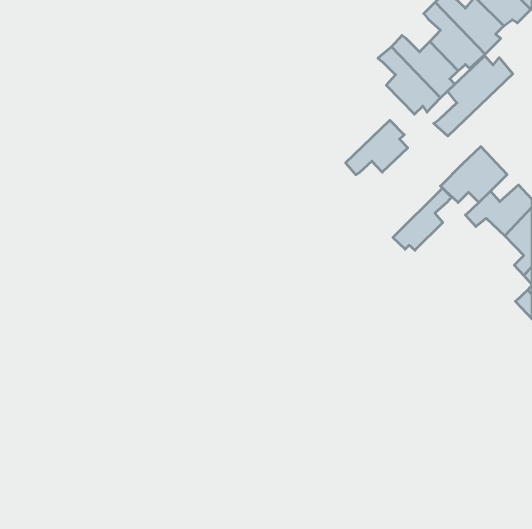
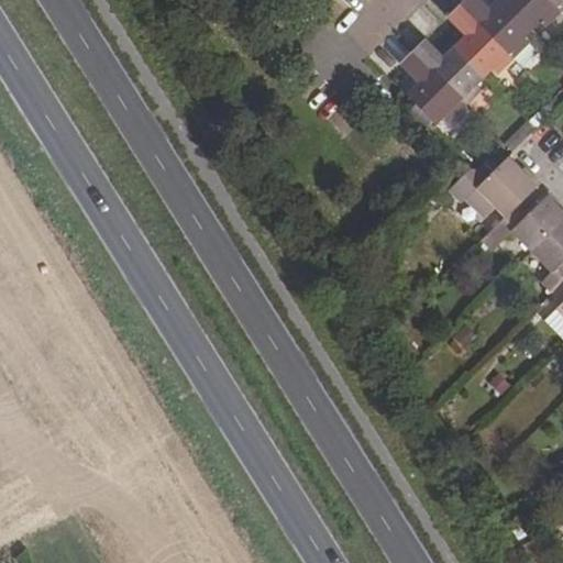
building: [434,56,513,136] -> none
building: [346,120,408,175] -> none
building: [393,188,451,250] -> none

